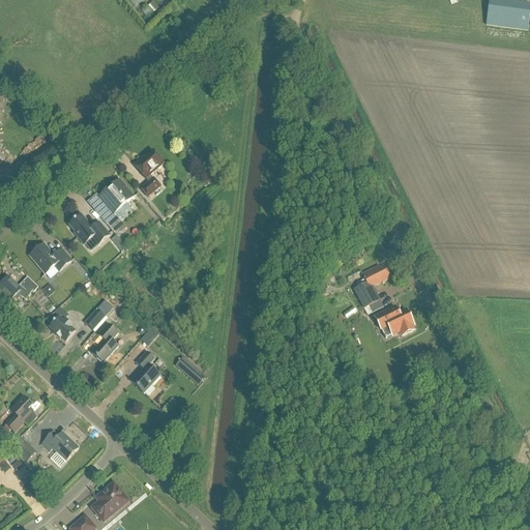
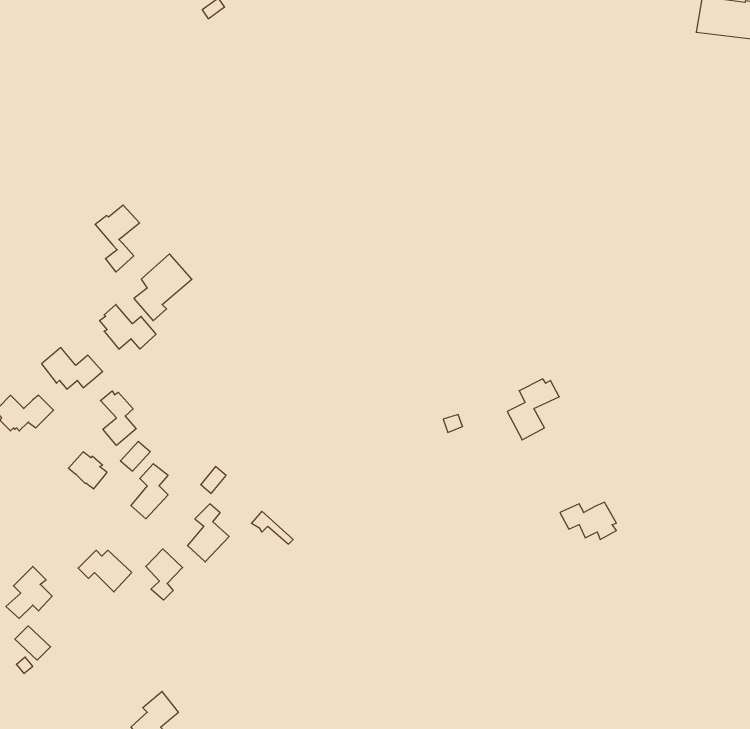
building: [134,149,165,196] -> [95,205,140,272]
building: none -> [100,391,136,445]
building: [375,308,414,334] -> [560,502,616,539]
building: none -> [146,549,183,600]
building: [41,431,79,460] -> [78,550,132,592]

